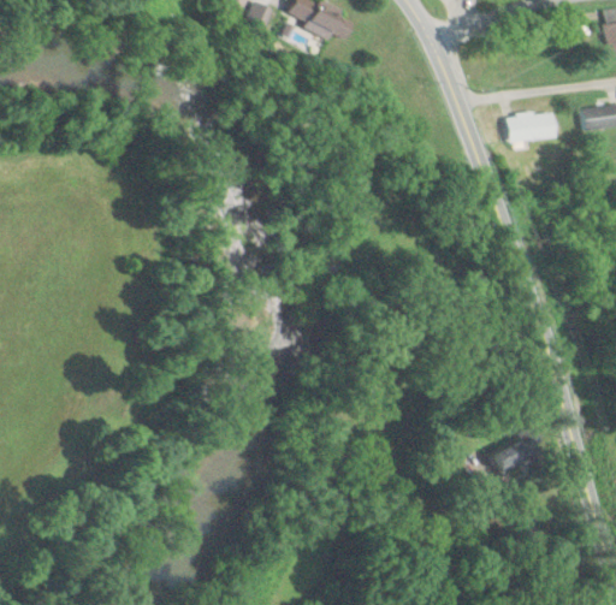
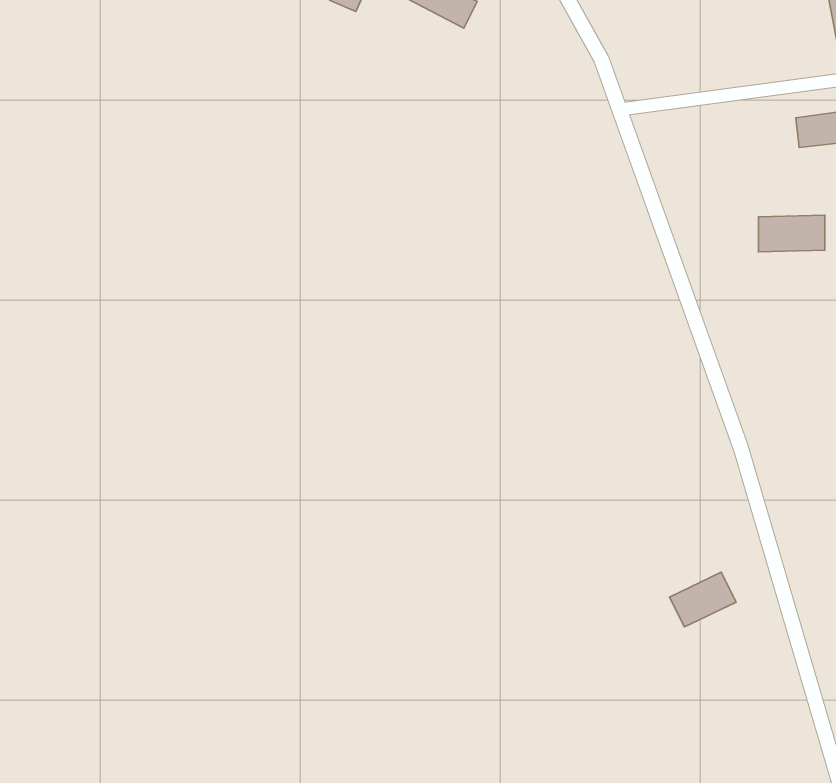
building: [508,113,556,140] -> [758,215,825,252]

